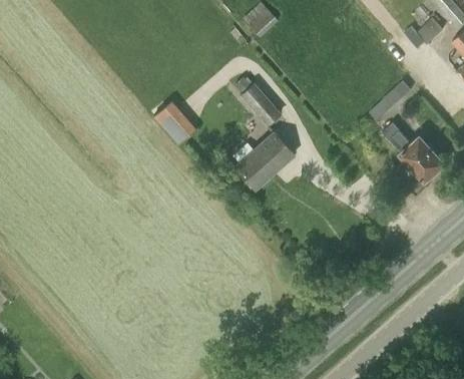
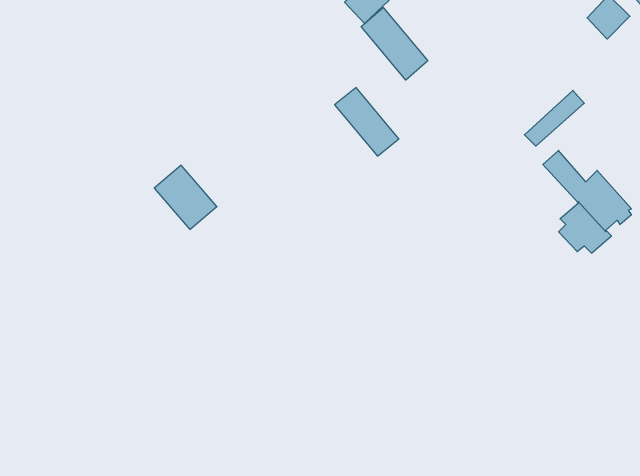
building: none -> [361,7,428,80]
building: [152,99,196,144] -> [154,165,217,229]
building: [238,133,293,187] -> none

